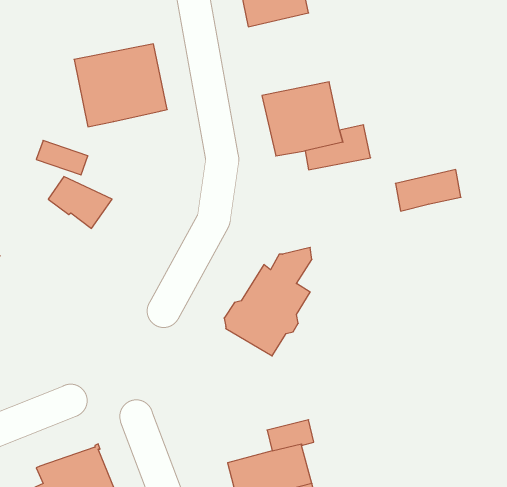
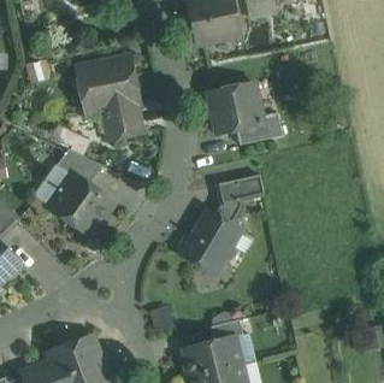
building: none -> [102,104,141,141]
building: [395,170,461,211] -> [217,175,262,204]
building: none -> [49,175,112,235]

